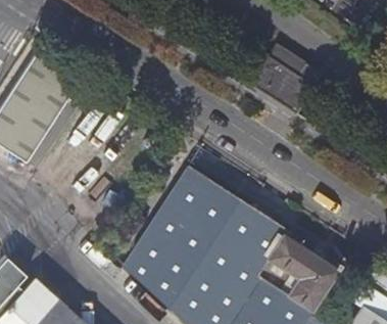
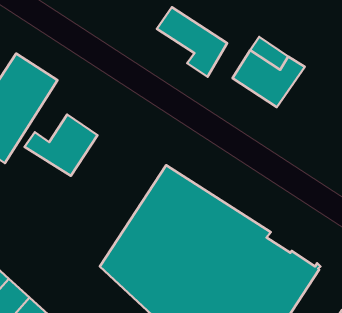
building: none -> [157,7,227,77]
building: none -> [24,115,97,176]

